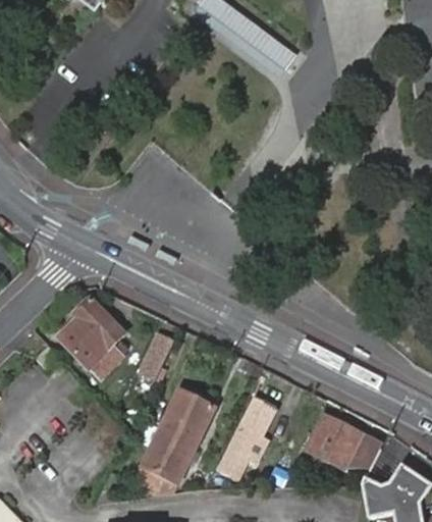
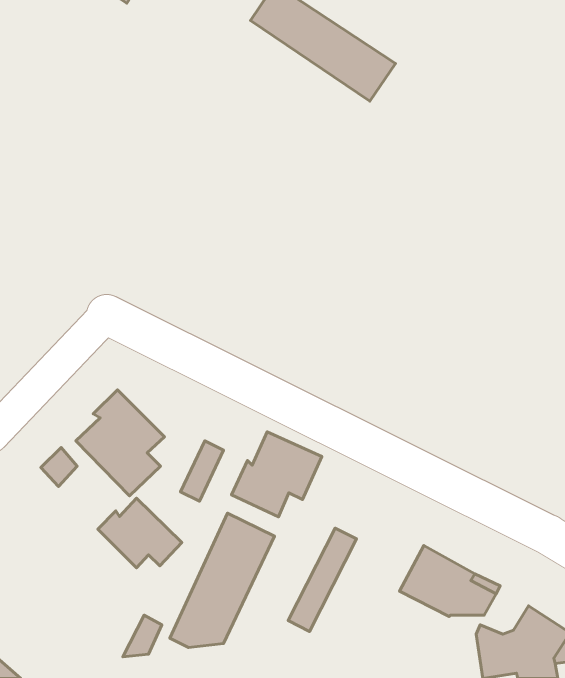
building: none -> [231,432,322,517]
building: none -> [98,498,182,568]

